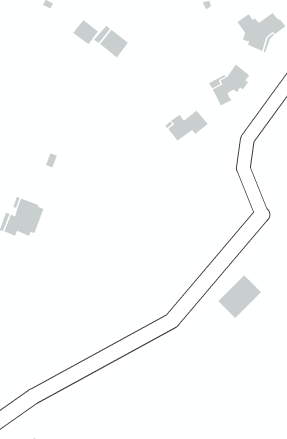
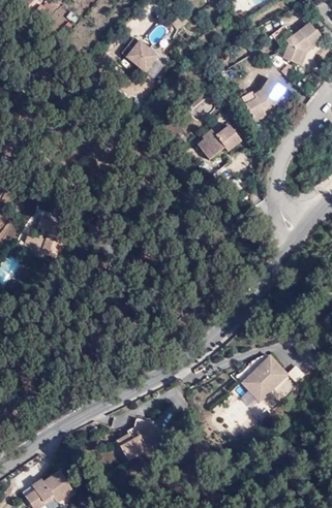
building: [72,19,99,45] -> none
building: [217,274,262,319] -> [243,352,290,399]
building: none -> [118,413,160,458]

